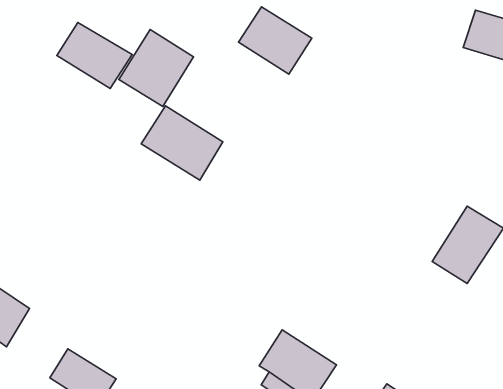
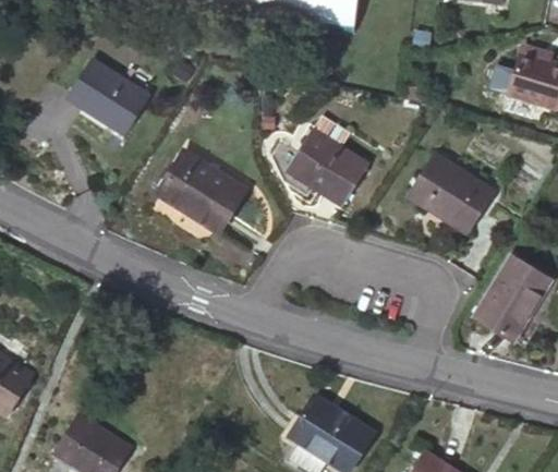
building: [238,7,312,74] -> [284,134,364,207]
building: [119,29,193,107] -> none
building: none -> [405,155,489,232]

